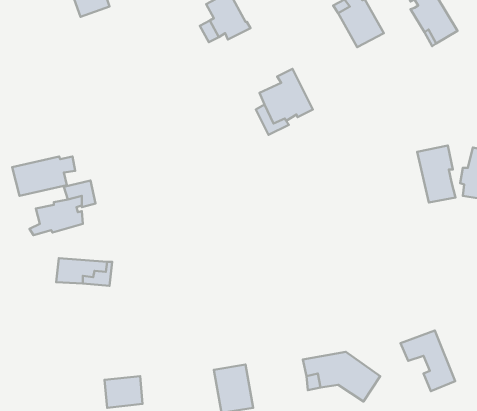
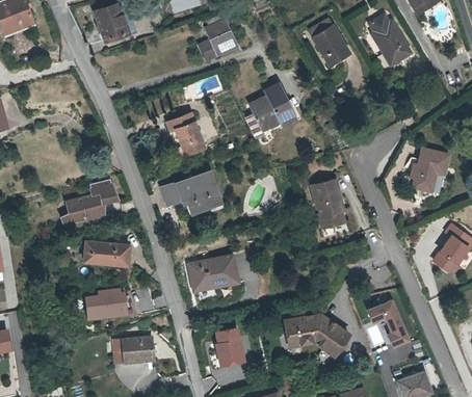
building: none -> [168,113,206,155]
building: [417,145,455,202] -> [314,181,345,228]
building: [12,156,75,196] -> none
building: none -> [160,174,218,212]
building: none -> [187,257,235,291]
building: none -> [84,292,127,318]

